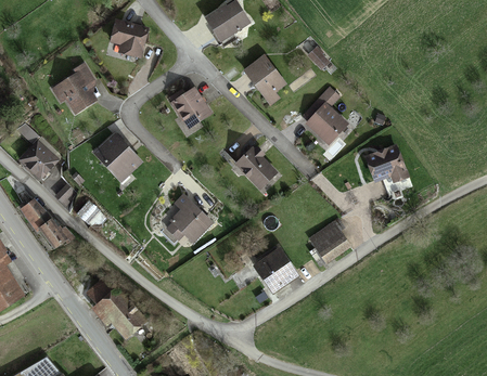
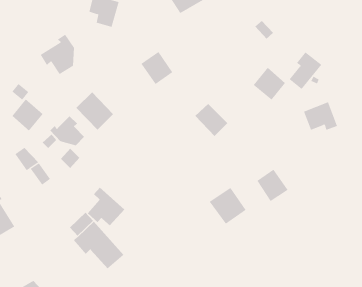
building: [244,57,284,106] -> none
building: none -> [289,51,322,90]
building: none -> [50,116,85,146]
building: [167,194,213,241] -> [87,187,125,226]

